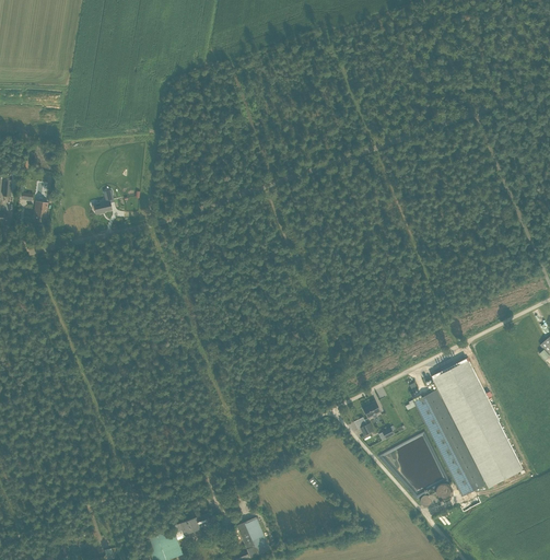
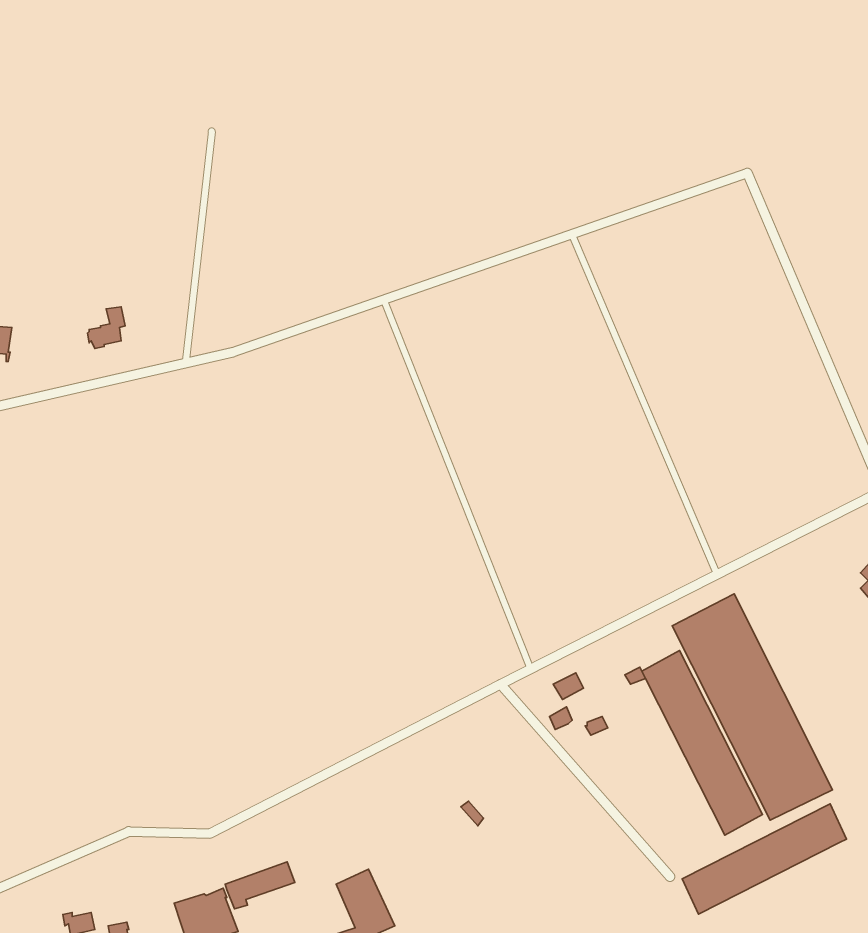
building: none -> [682,804,846,914]

